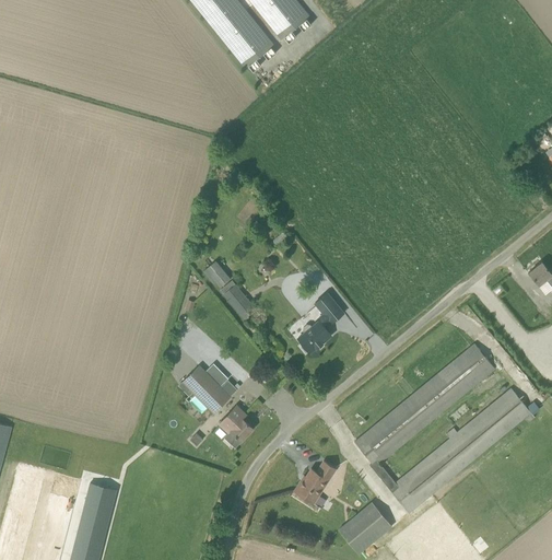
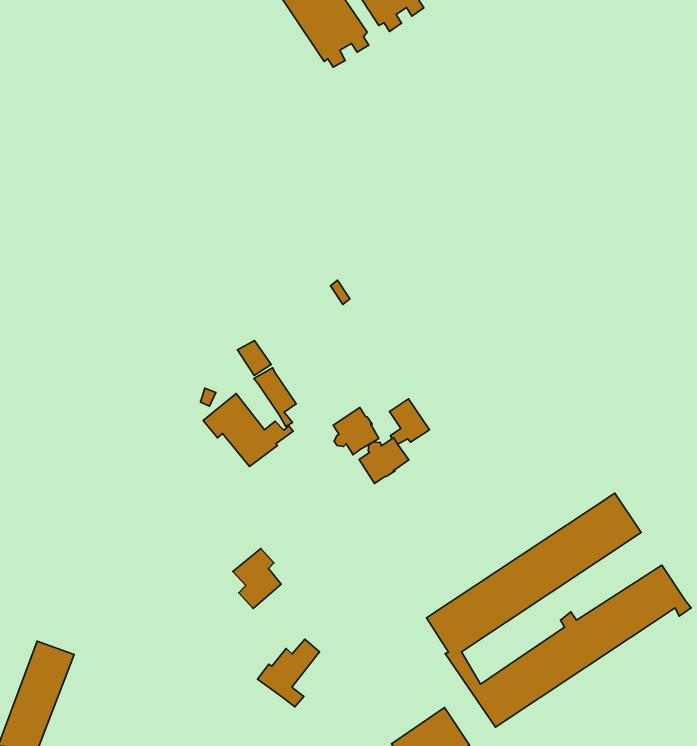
building: none -> [333,407,379,455]
building: [178,364,240,413] -> [203,393,293,467]
building: [294,460,334,508] -> [258,639,320,707]

